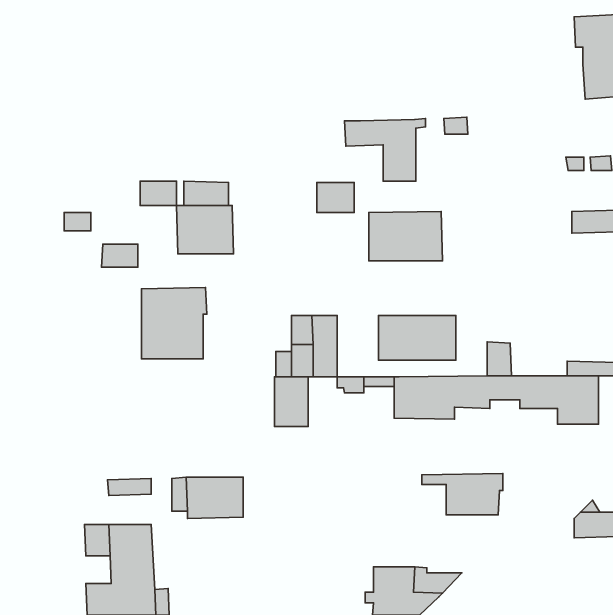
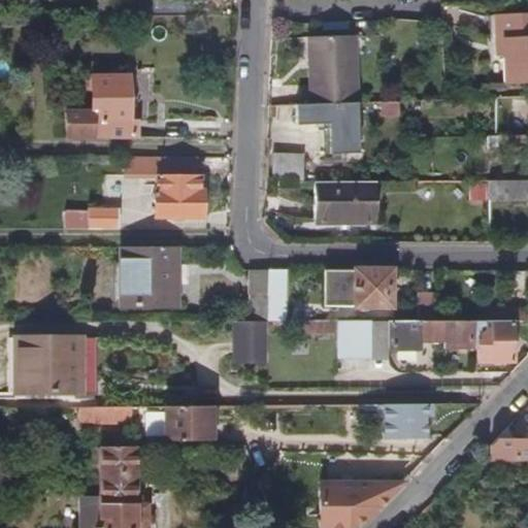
building: none -> [309,34,358,103]
building: none -> [69,75,139,136]
building: none -> [15,339,81,396]

